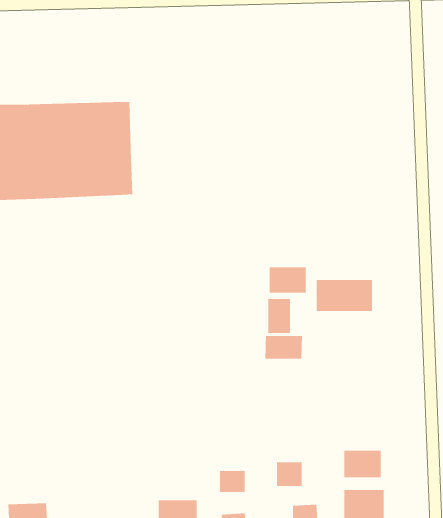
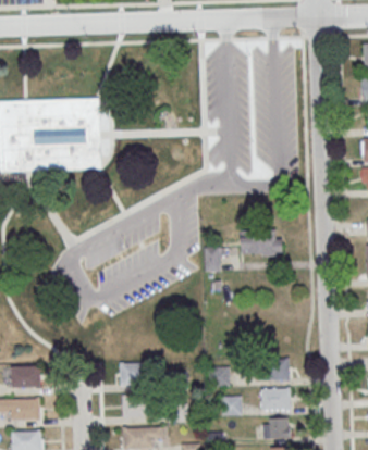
building: [269,266,306,293] -> none
building: [265,335,302,359] -> none
building: none -> [120,362,150,383]
building: none -> [11,366,41,387]

